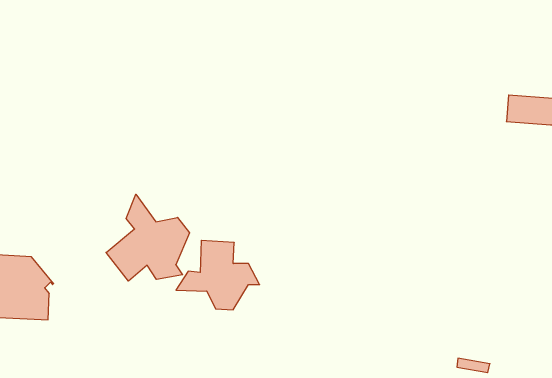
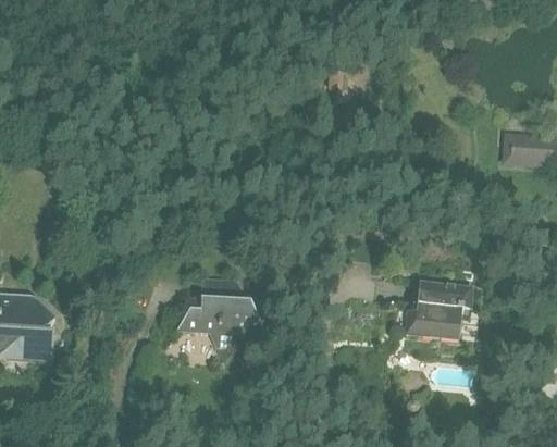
building: [106,194,189,281] -> none
building: none -> [403,283,471,339]

